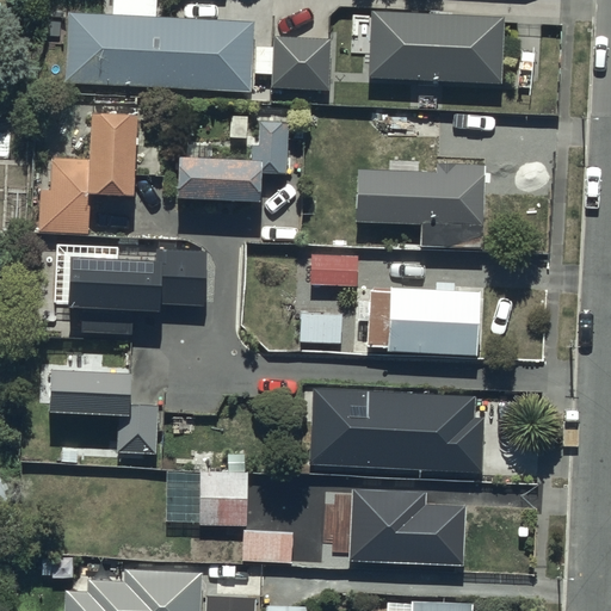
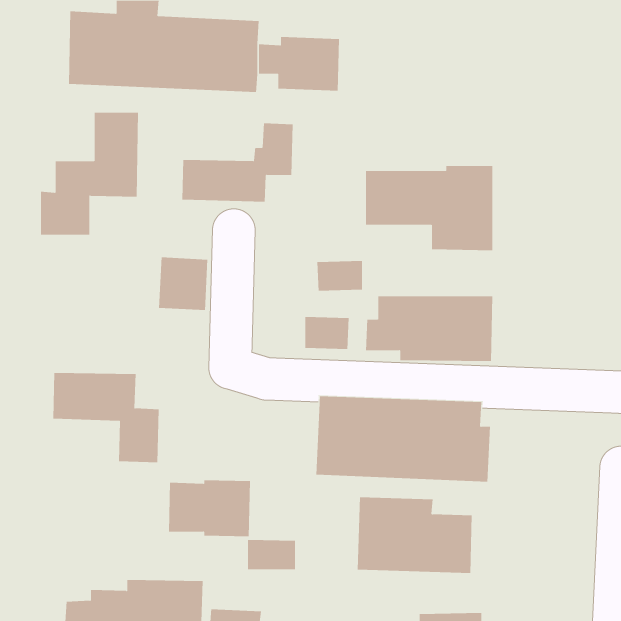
building: [369,10,505,80] -> none
building: [70,258,149,333] -> none

